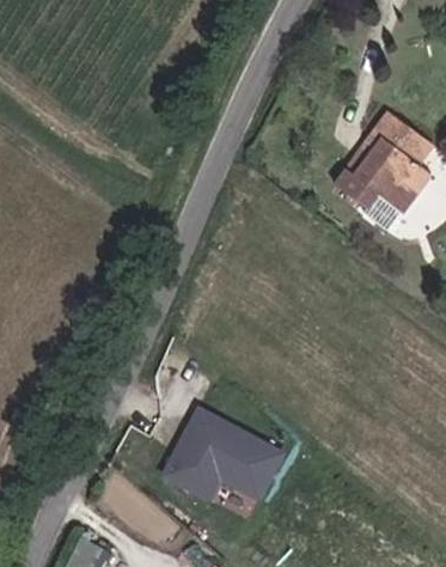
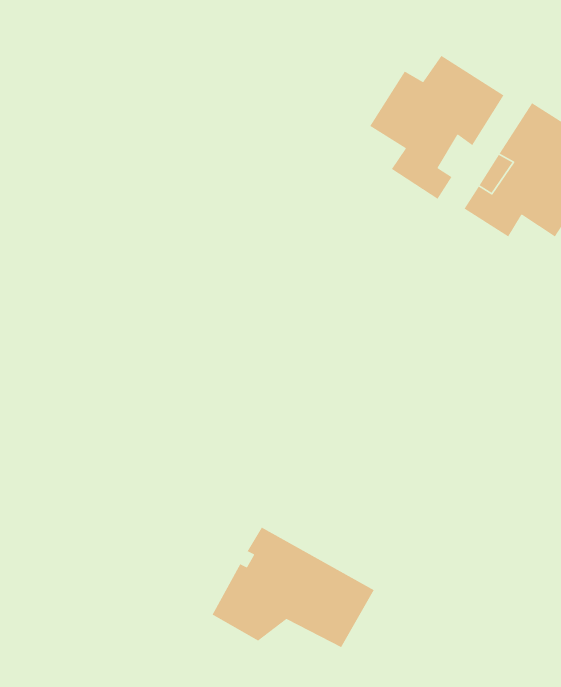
building: none -> [369,55,504,200]

